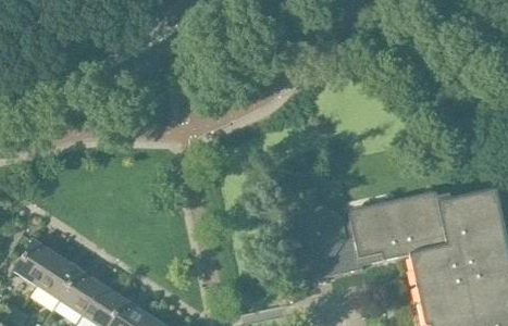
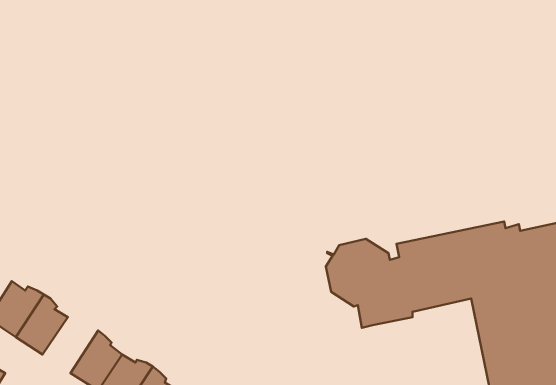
building: [59,269,104,315] -> none

